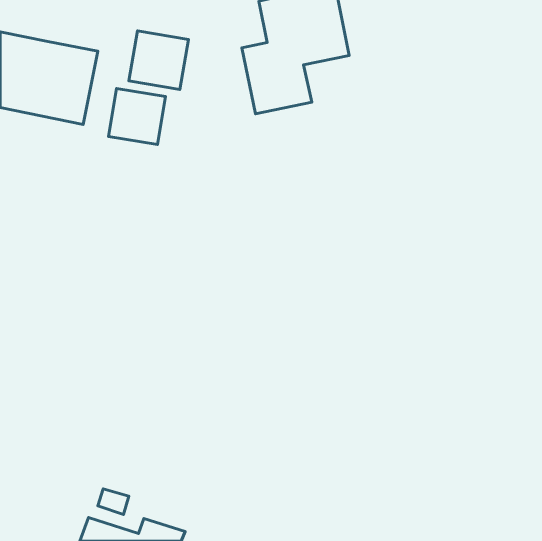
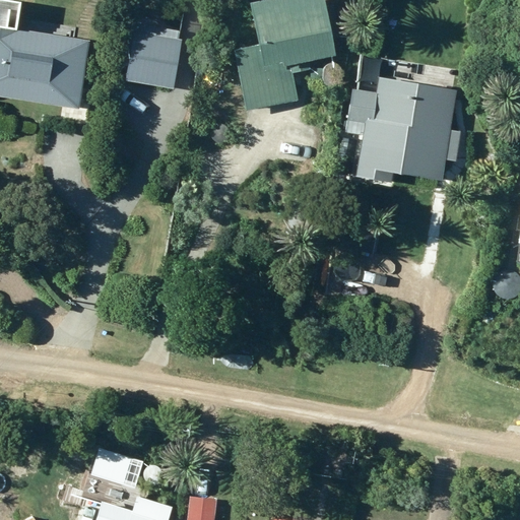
building: none -> [346,75,456,182]
building: [108,88,165,145] -> none

